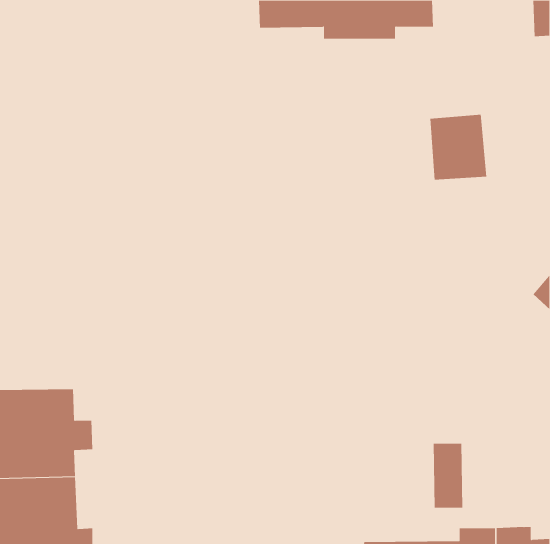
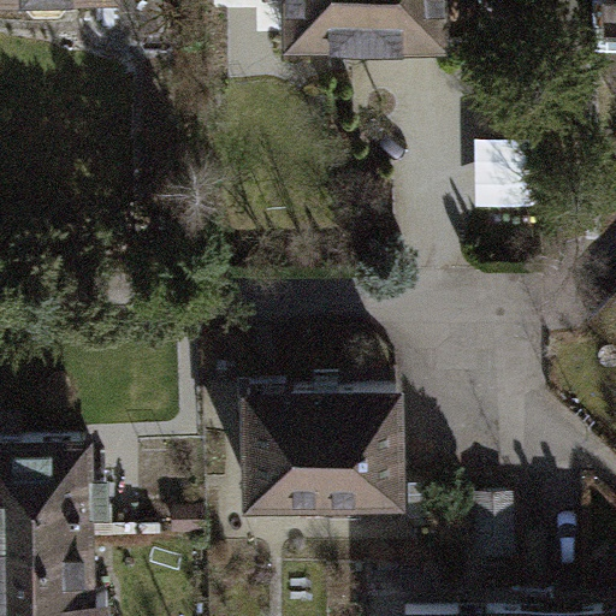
building: none -> [248,392,393,517]

